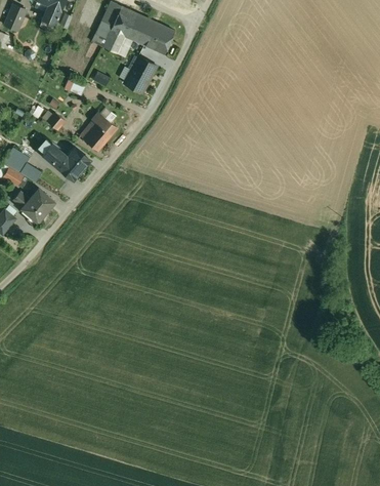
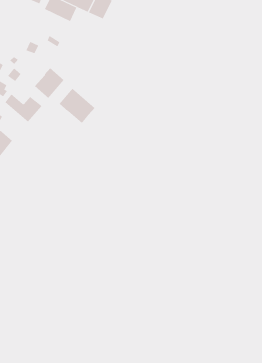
building: [124,56,156,93] -> none
building: none -> [59,88,96,124]

